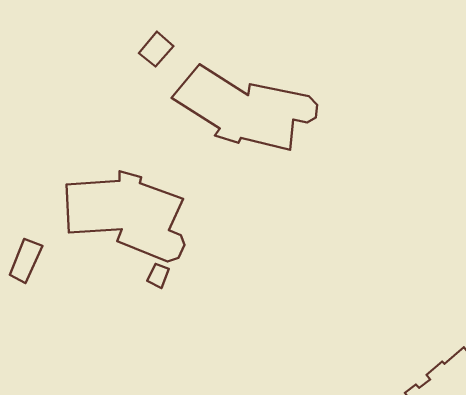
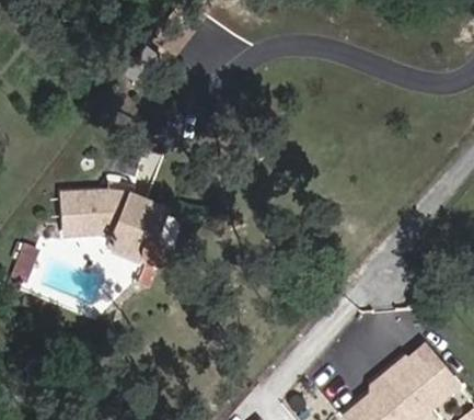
building: [172,64,317,150] -> none

